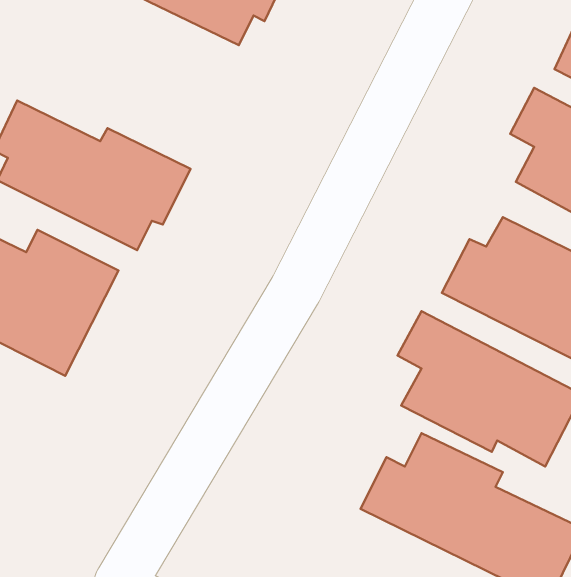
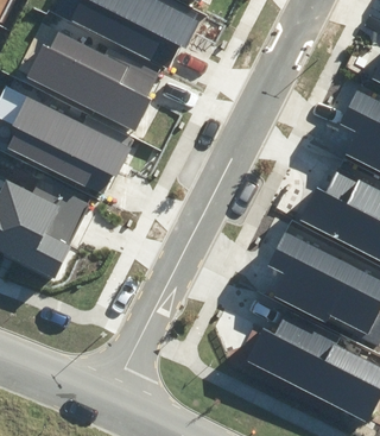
building: none -> [30,37,157,131]

